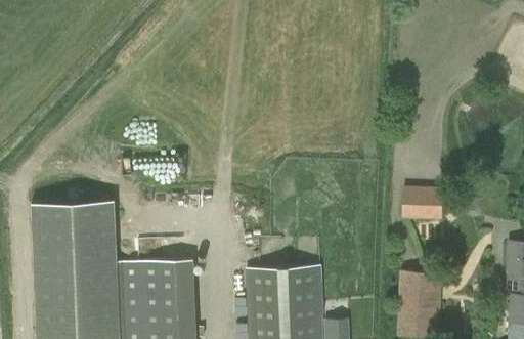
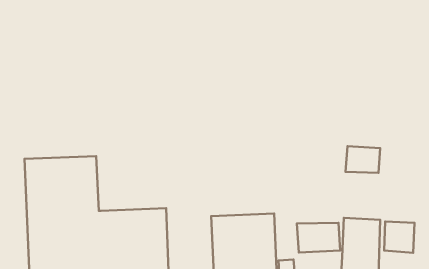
building: none -> [384,222,414,253]
building: none -> [297,223,340,252]

